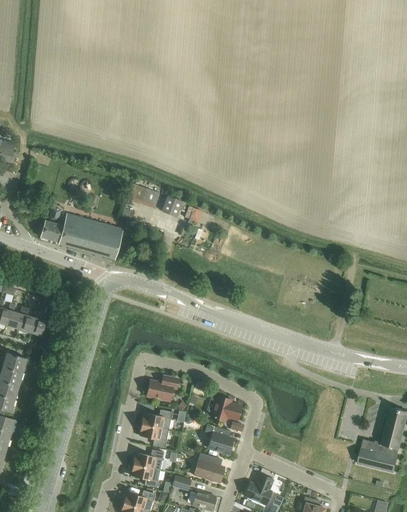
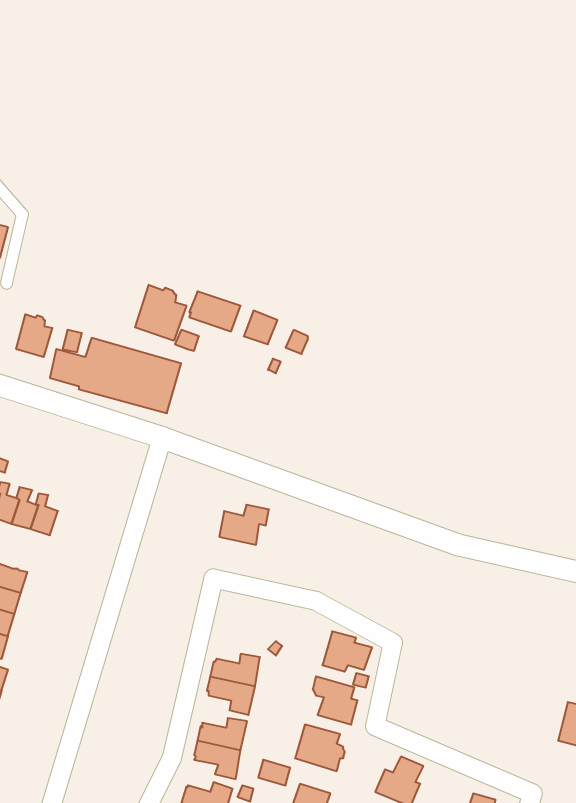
building: none -> [135,285,186,341]
building: none -> [16,314,52,357]
building: [147,376,178,401] -> [219,505,269,545]

